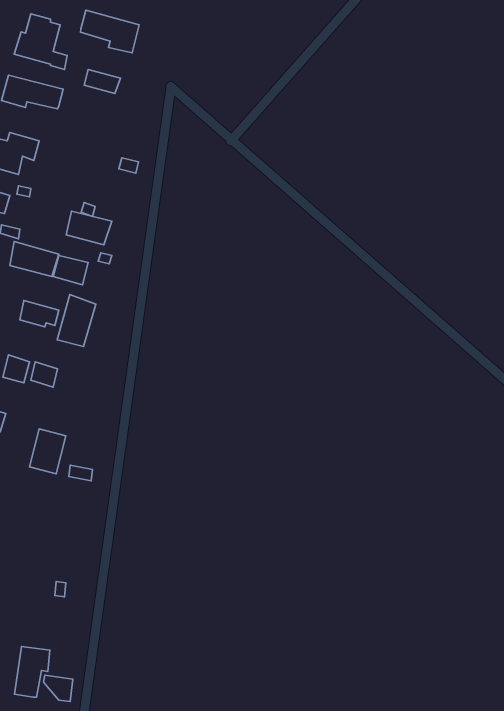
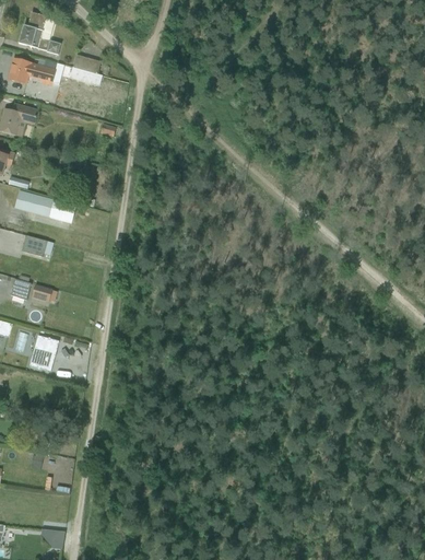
building: [80,10,139,53] -> none
building: [66,211,112,245] -> none
building: [57,294,96,346] -> none
building: [14,647,50,697] -> none

